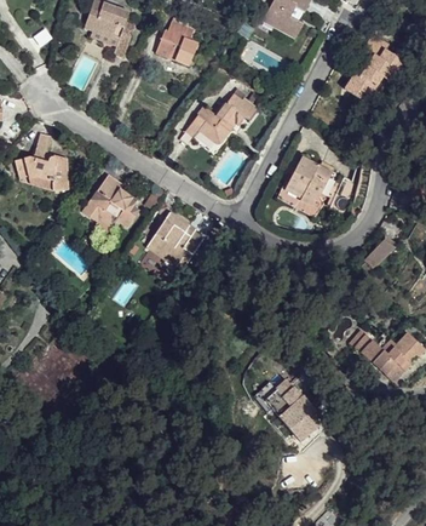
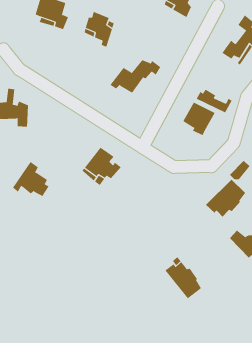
building: [92,178,145,229] -> [12,161,50,197]
building: [278,183,330,218] -> [196,89,232,113]
building: none -> [205,179,246,217]

